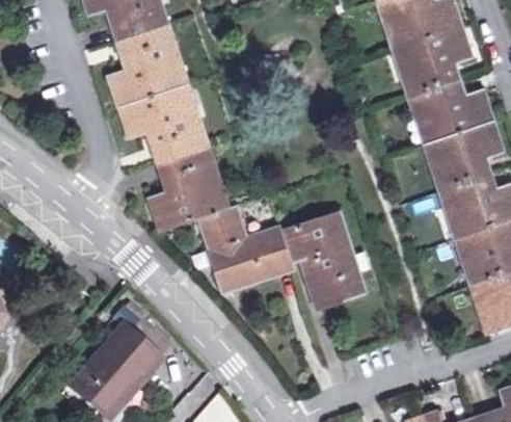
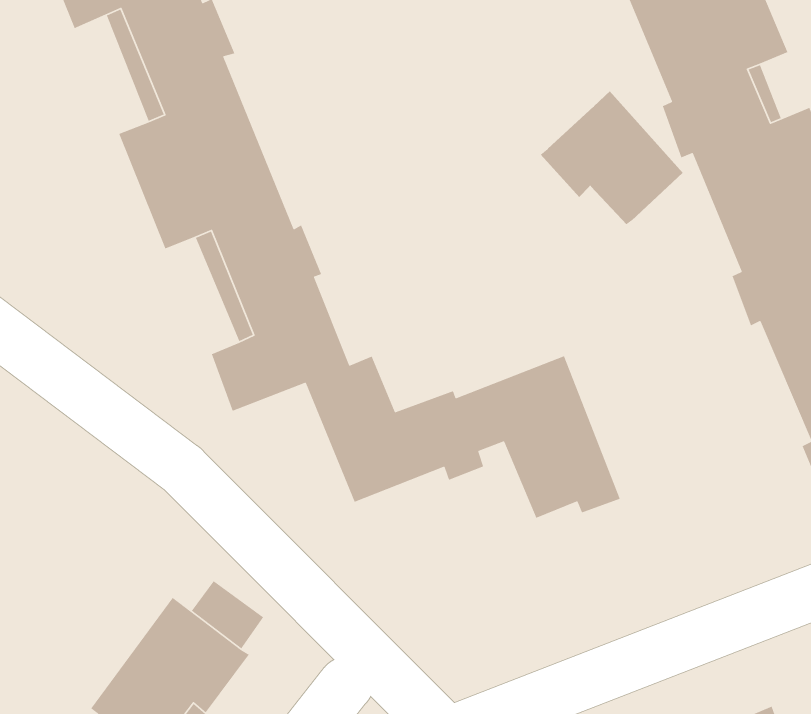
building: none -> [540,91,684,225]

